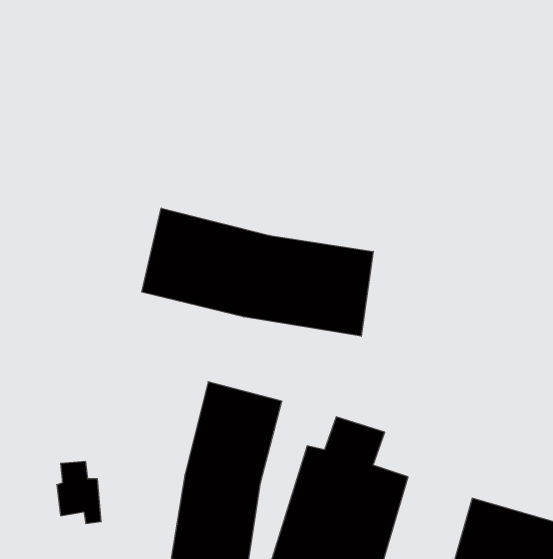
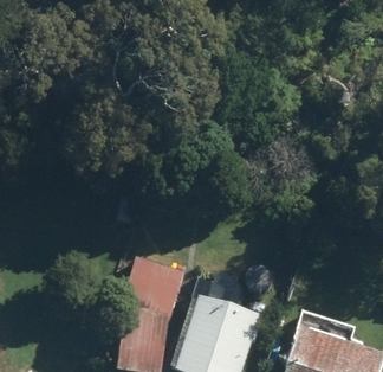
building: [142,208,373,336] -> none

